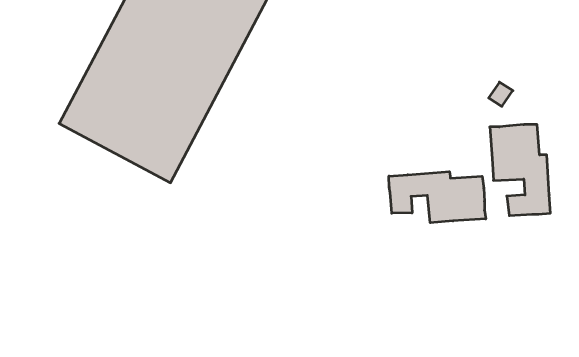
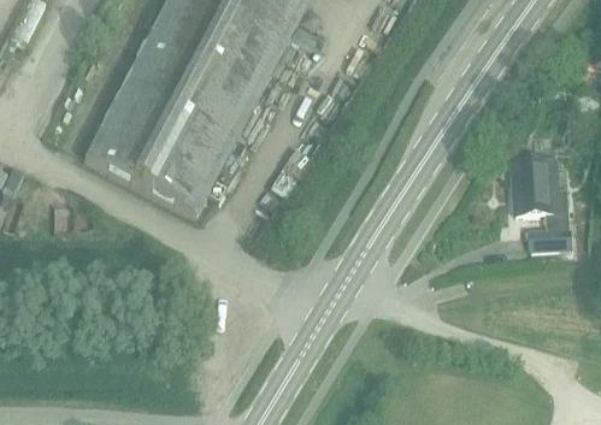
building: [389,172,486,223] -> none

